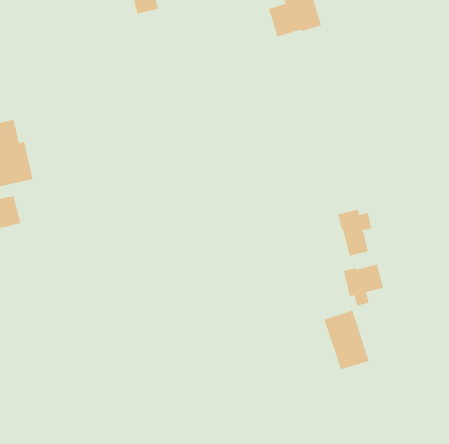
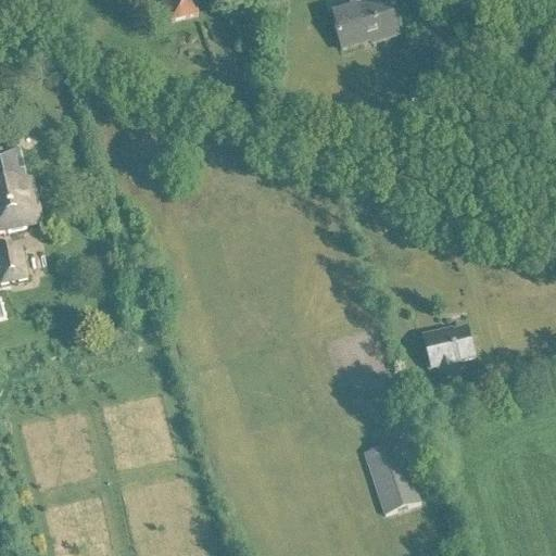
building: [338,209,372,256] -> none
building: [324,310,369,370] -> [363,438,419,511]

